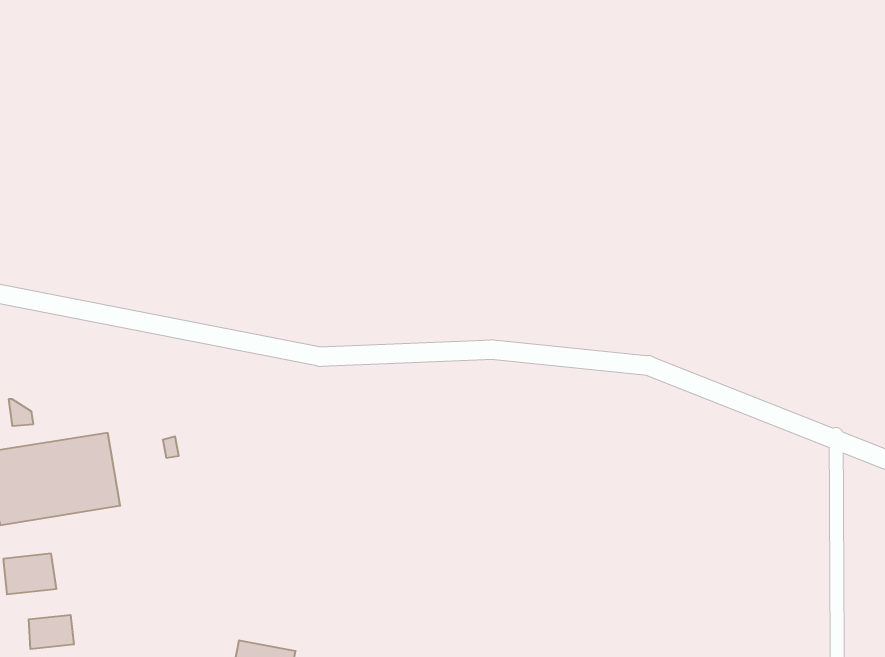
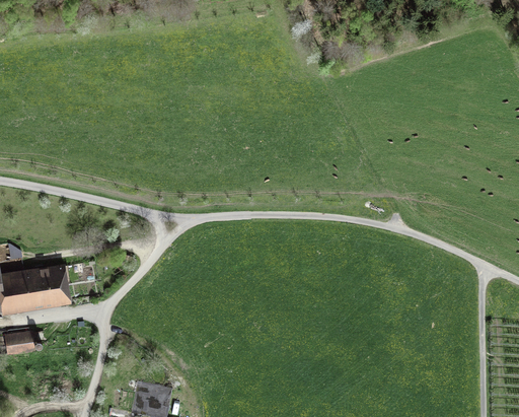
building: [29,615,74,649] -> none

